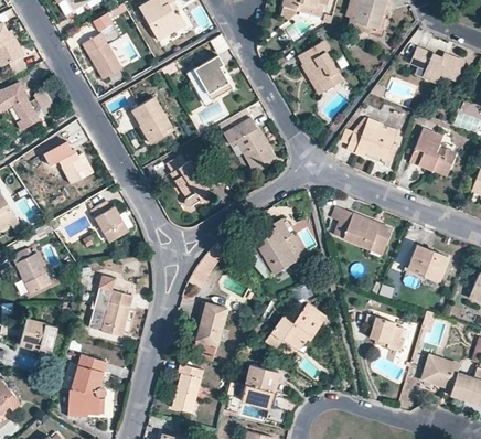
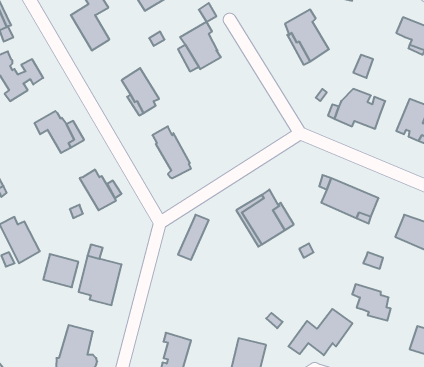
building: [221,116,276,175] -> none
building: [193,302,225,356] -> none
building: [263,306,327,352] -> [288,309,352,355]
building: [24,318,60,351] -> [43,254,78,287]

